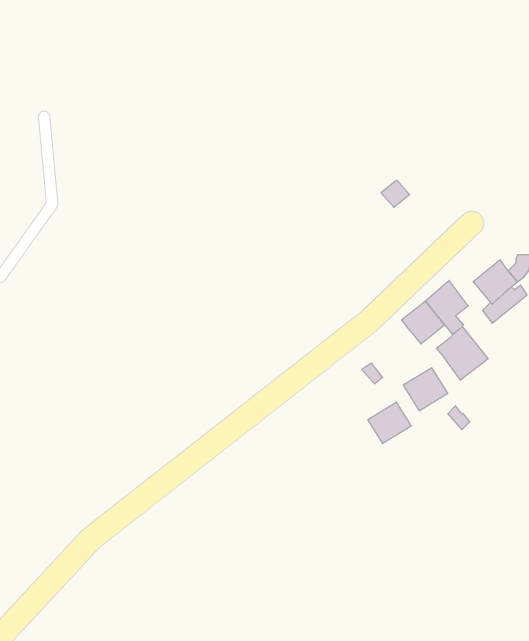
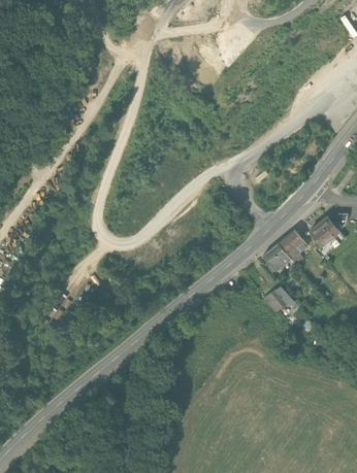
building: [436,326,488,380] -> none
building: [368,402,411,444] -> none

